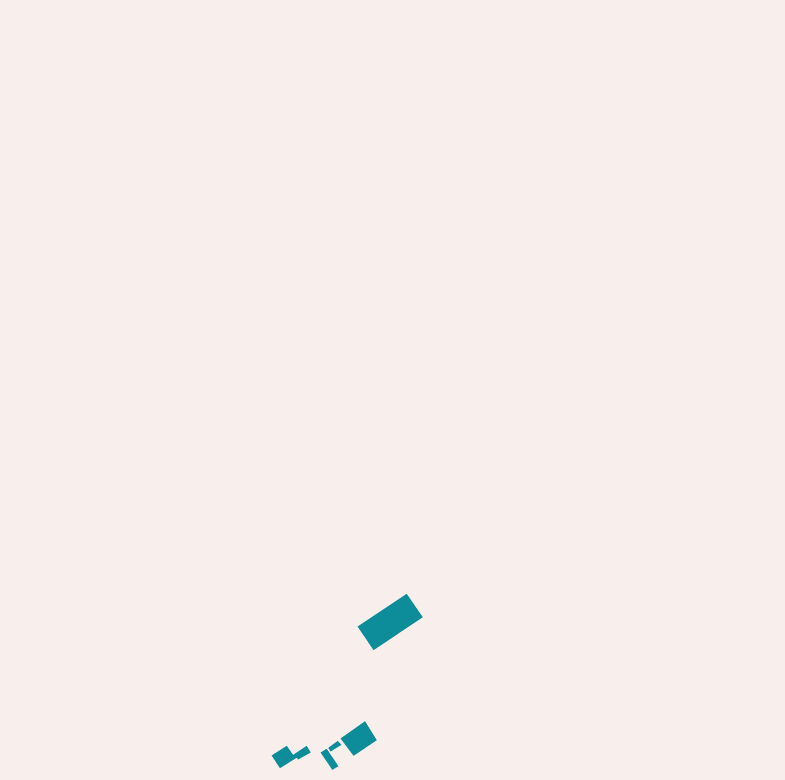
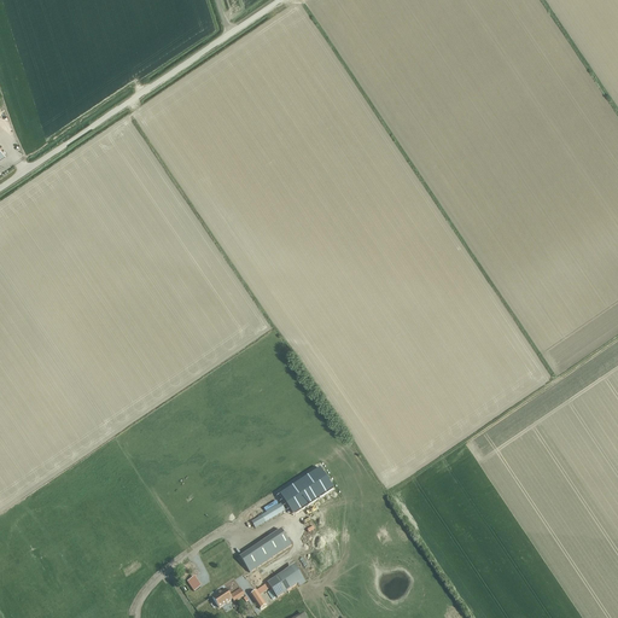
building: none -> [240,527,292,570]

